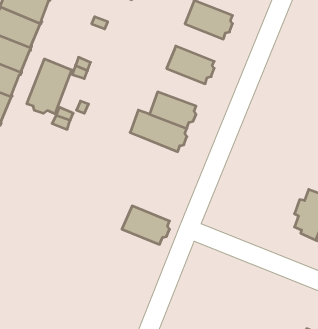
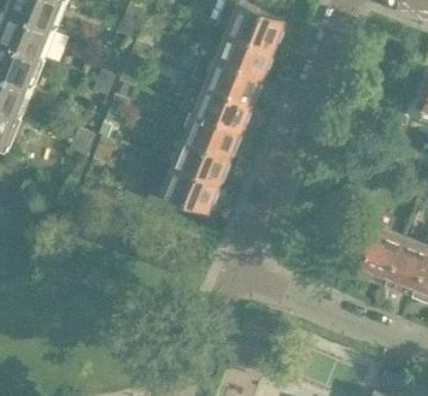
building: none -> [217,31,274,76]
building: [27,59,72,114] -> none
building: none -> [183,84,252,129]
building: [122,206,170,244] -> [163,165,219,211]

